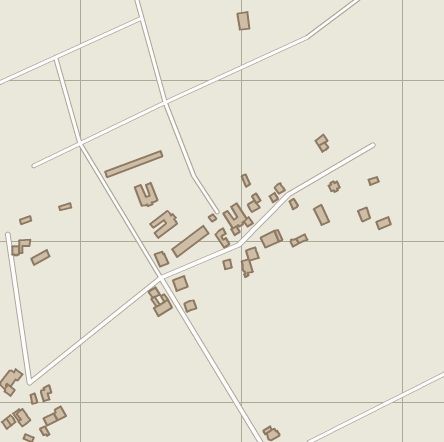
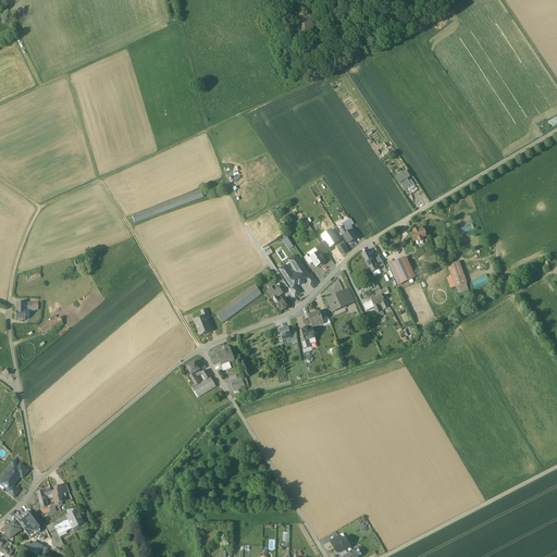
building: [135,183,157,206] -> none
building: [150,211,177,238] -> none

